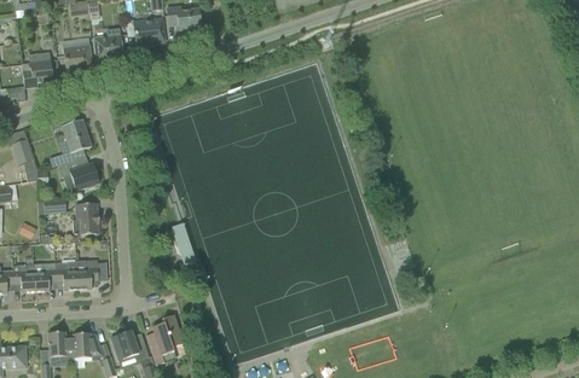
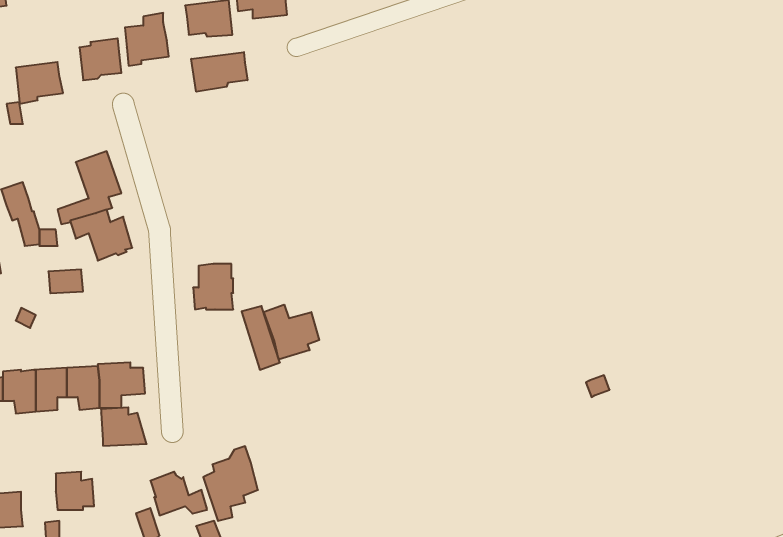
building: none -> [191,52,247,92]
building: [71,203,98,233] -> [193,264,233,309]
building: none -> [264,305,319,359]
building: [71,332,102,357] -> [101,407,147,446]

